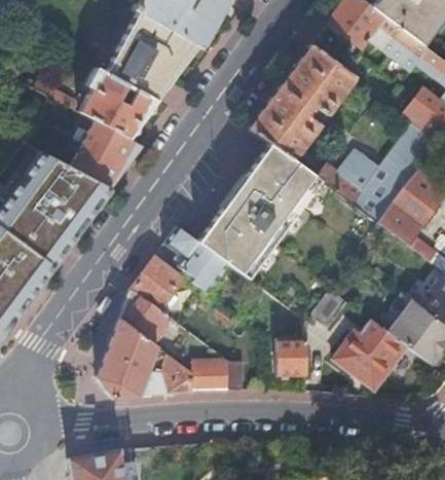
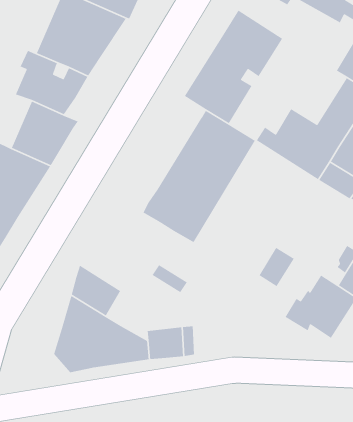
building: [164,225,228,292] -> none
building: [131,255,184,310] -> none
building: [276,337,306,375] -> none

